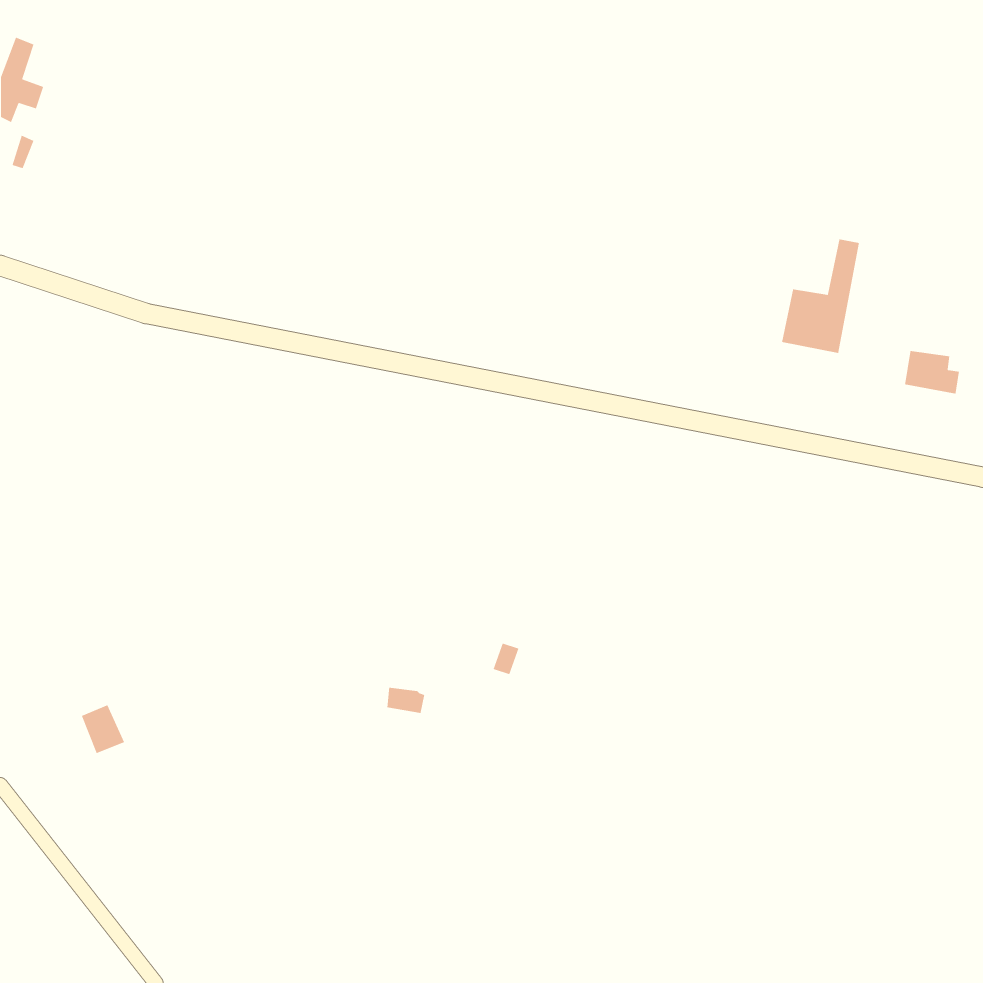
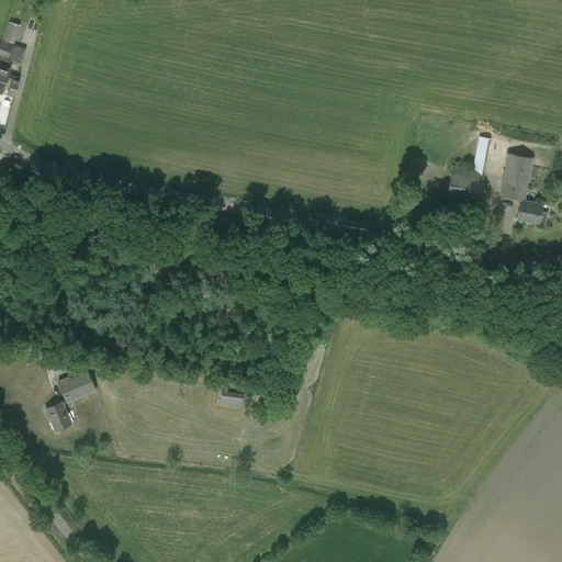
building: none -> [499,151,533,200]
building: none -> [58,370,94,403]

